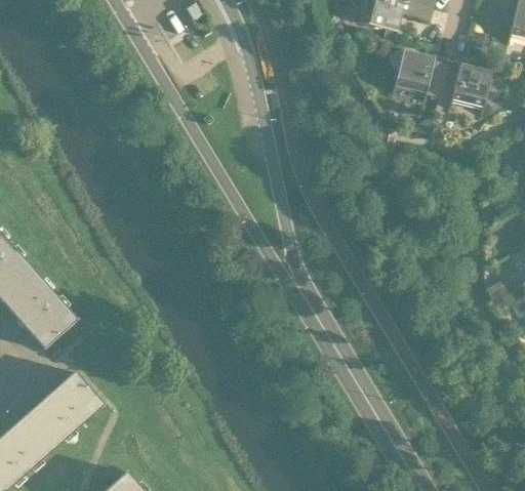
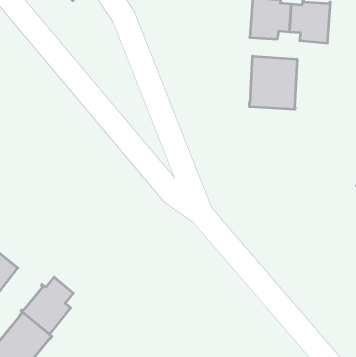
building: none -> [249,56,297,109]
building: none -> [21,277,73,334]

